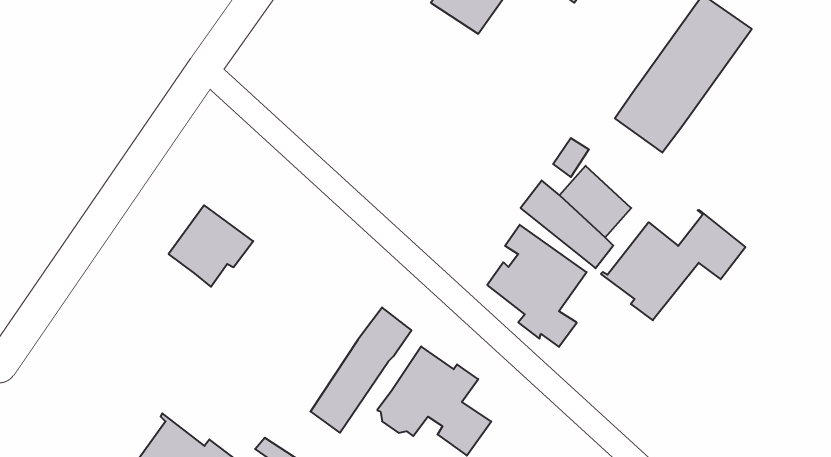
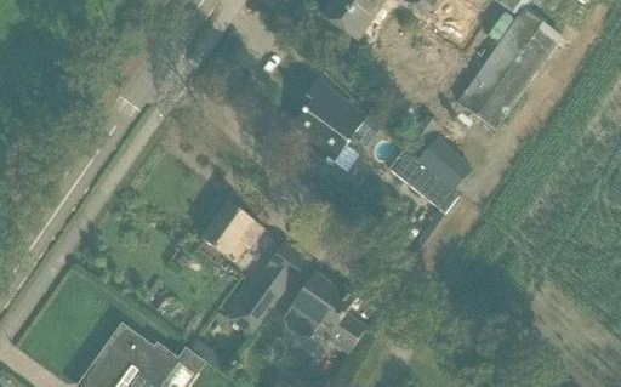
building: [169,205,253,287] -> [201,201,264,262]
building: [601,210,745,320] -> none
building: [487,225,587,347] -> [292,80,366,171]

